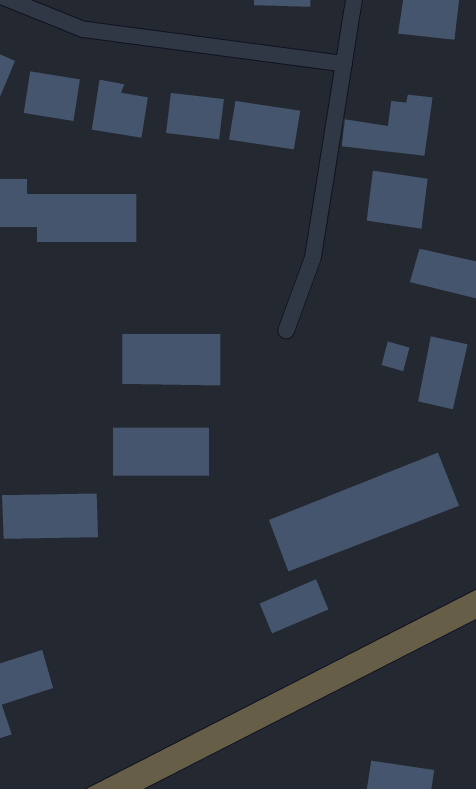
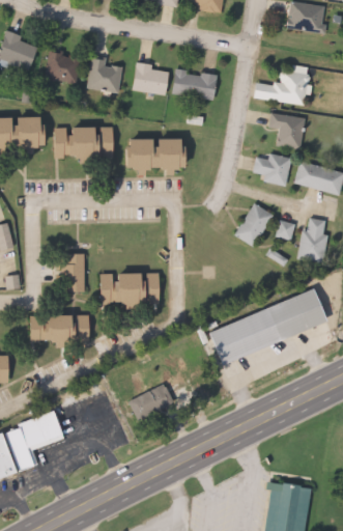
building: none -> [247,152,284,185]
building: none -> [228,202,266,246]
building: [122,333,221,386] -> [127,139,190,172]
building: none -> [63,254,86,291]
building: [258,578,330,635] -> [132,384,176,419]

